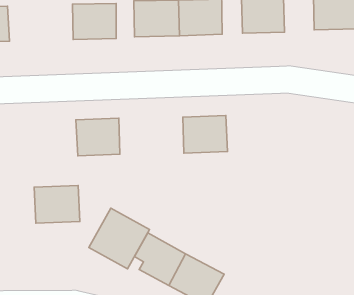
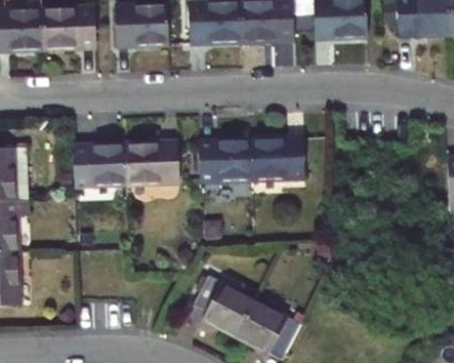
building: none -> [43,6,98,49]
building: none -> [199,138,249,181]
building: [34,186,80,223] -> [72,142,125,186]
building: [89,208,150,269] -> none

